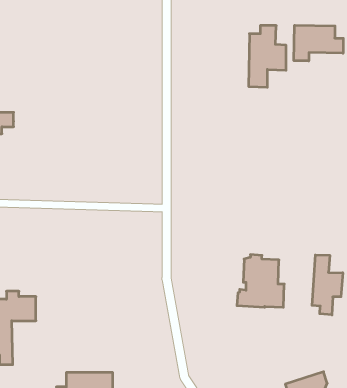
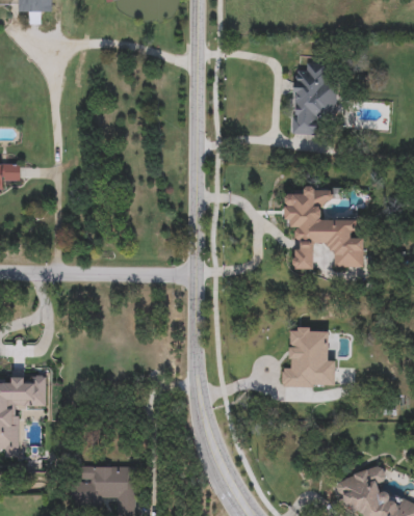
building: [294,25,343,61] -> none
building: none -> [288,189,364,269]
building: [312,255,343,315] -> none

